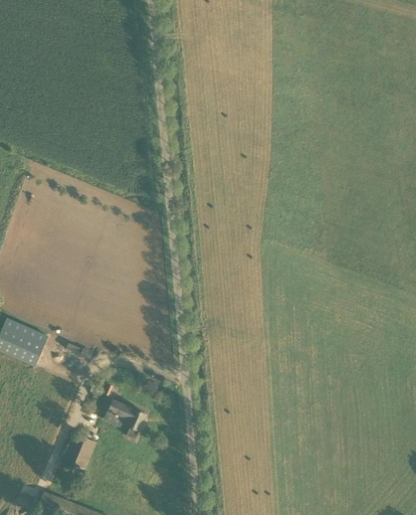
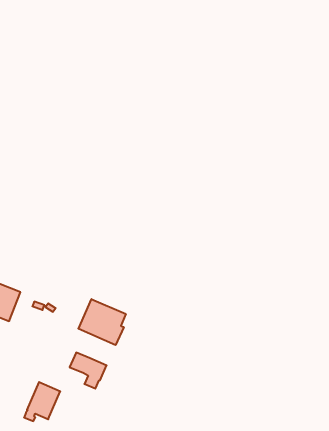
building: none -> [78,299,126,345]

